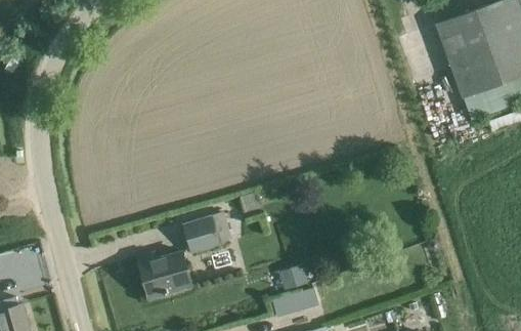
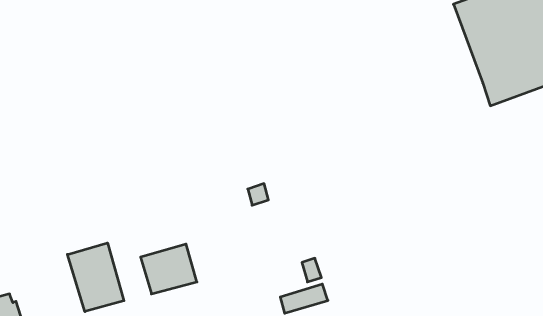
building: [182,211,232,253] -> none
building: none -> [67,243,124,312]

